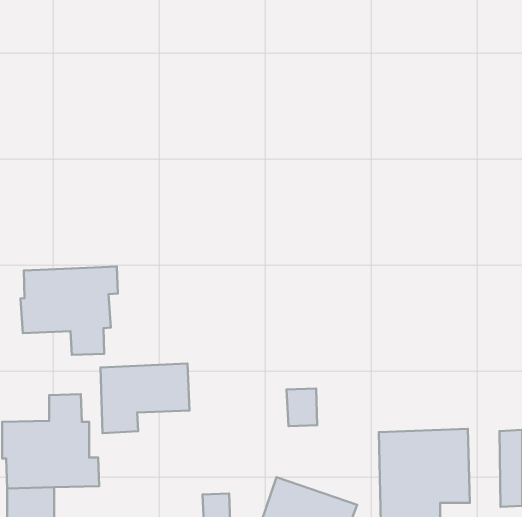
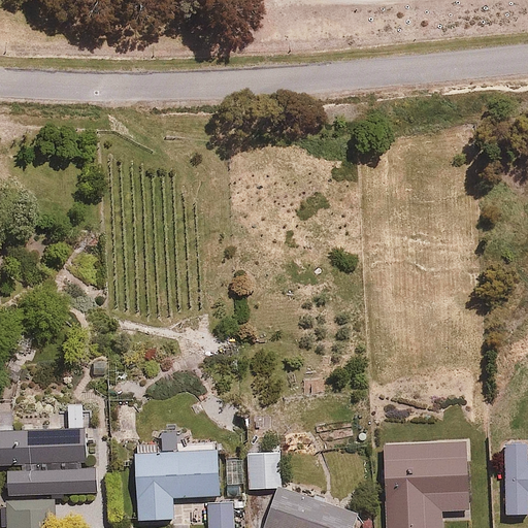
building: [20,267,118,355] -> none
building: [100,363,189,433] -> [134,451,224,521]
building: [287,388,317,426] -> [246,453,277,491]

